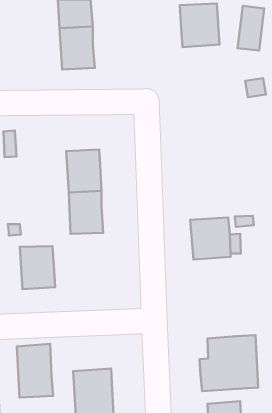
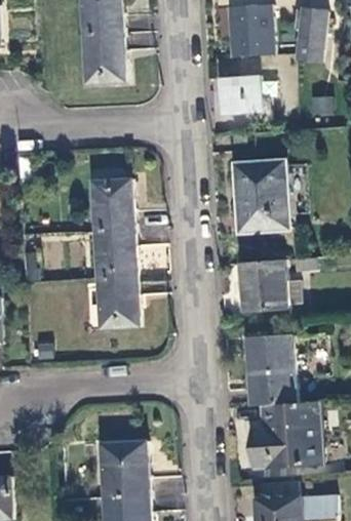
building: none -> [219,75,261,114]
building: none -> [233,160,288,232]
building: [20,246,55,289] -> [96,278,139,329]
building: none -> [245,335,295,405]
building: [17,344,53,397] -> none

